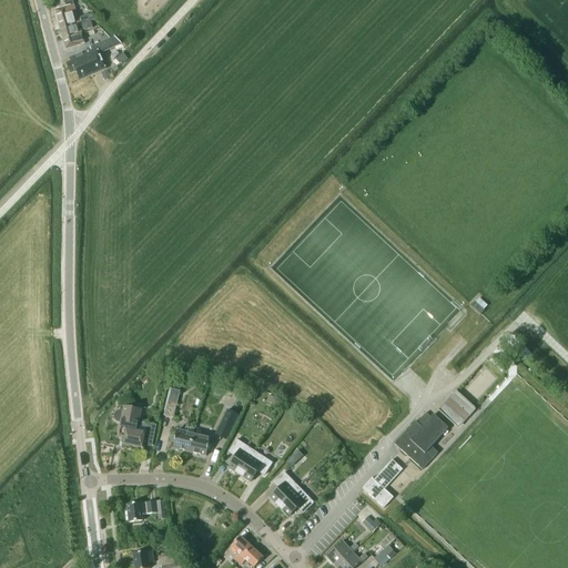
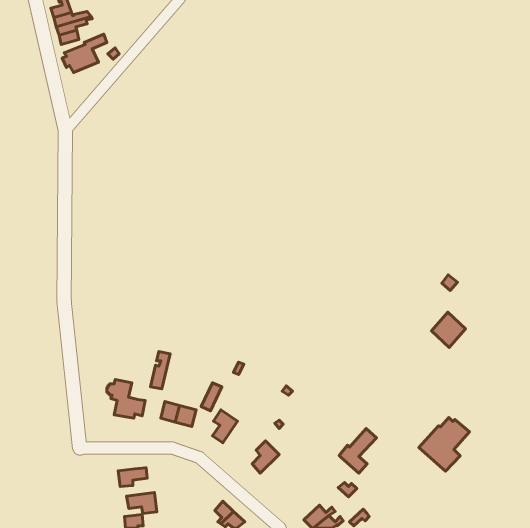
building: [438,388,475,426] -> [431,312,466,347]
building: [394,410,448,468] -> [419,417,470,471]
building: [239,450,272,480] -> none
building: [278,486,313,515] -> none
building: none -> [127,493,157,514]

